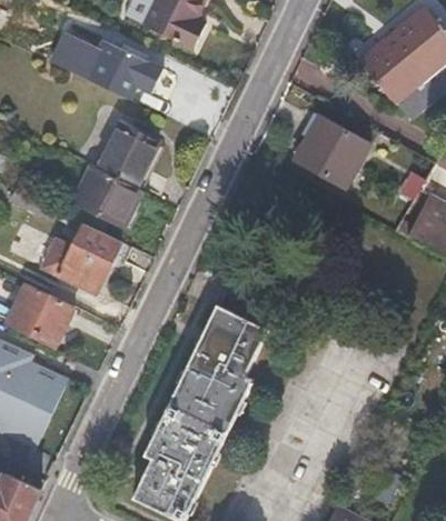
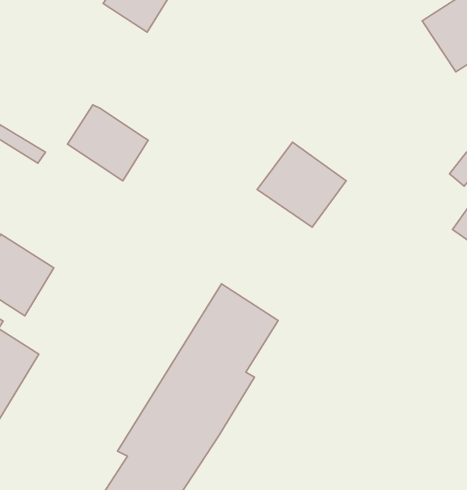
building: [296,117,370,187] -> [257,142,346,227]
building: [98,124,156,186] -> none
building: [43,222,131,291] -> none

